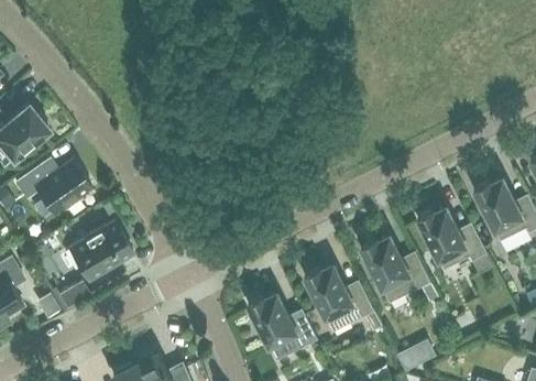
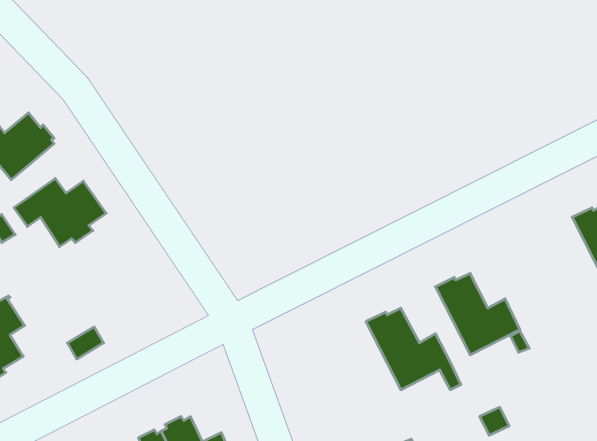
building: [417,208,486,271] -> none
building: [68,221,132,280] -> none
building: [248,294,318,361] -> none

